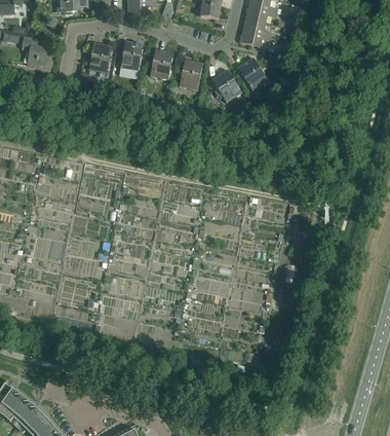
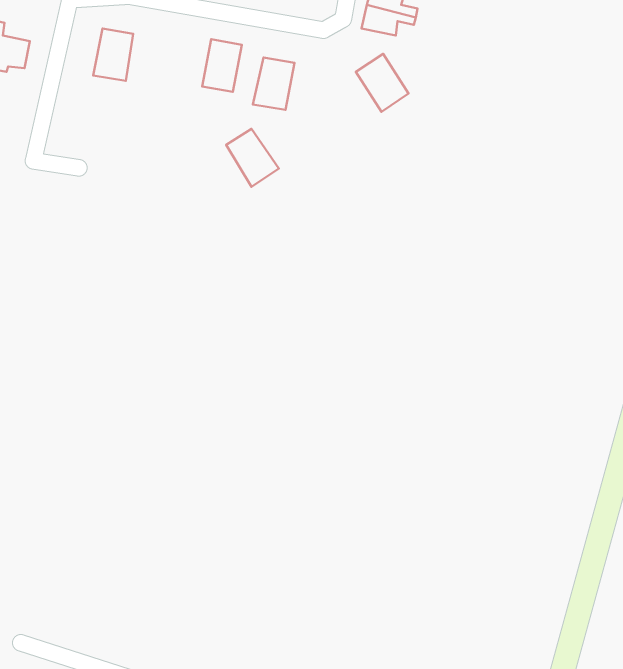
building: [120,40,143,70] -> none
building: [211,69,241,102] -> [226,129,279,187]

